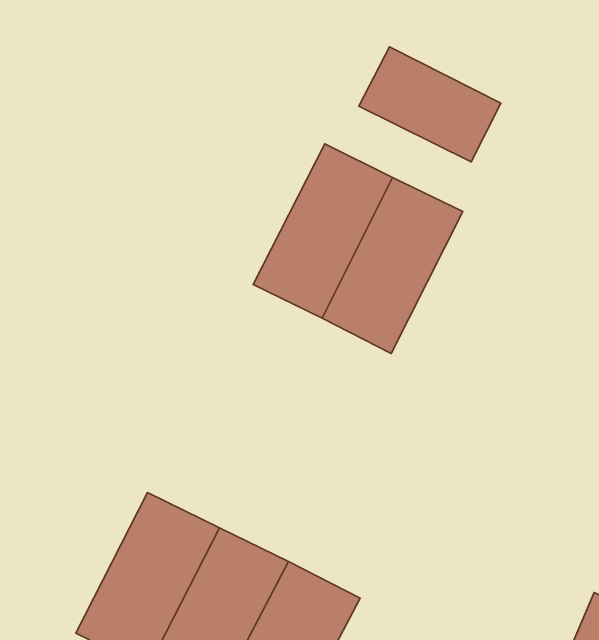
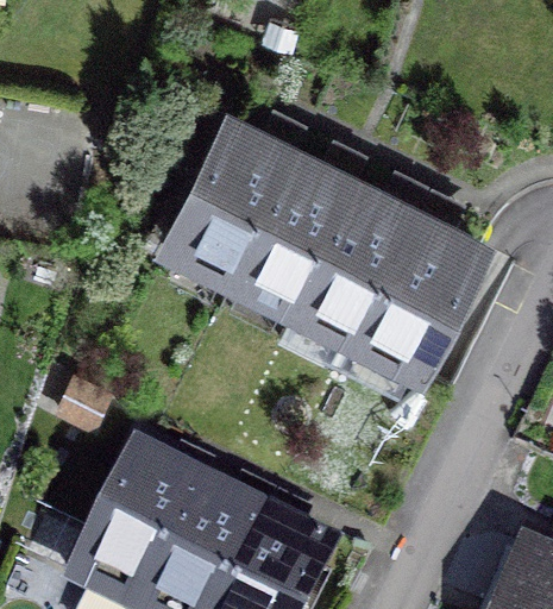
building: [359,47,501,162] -> none
building: none -> [169,119,296,275]
building: none -> [354,211,479,366]

